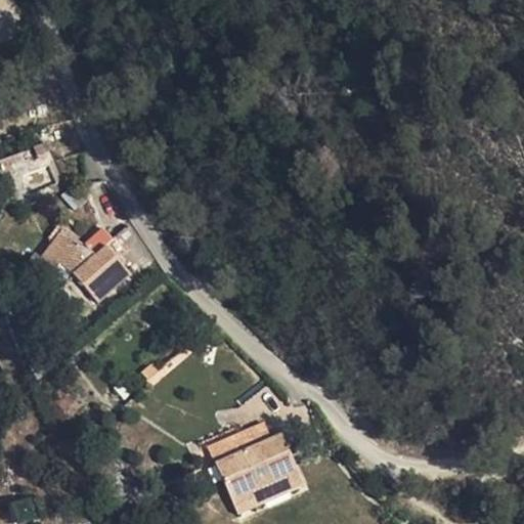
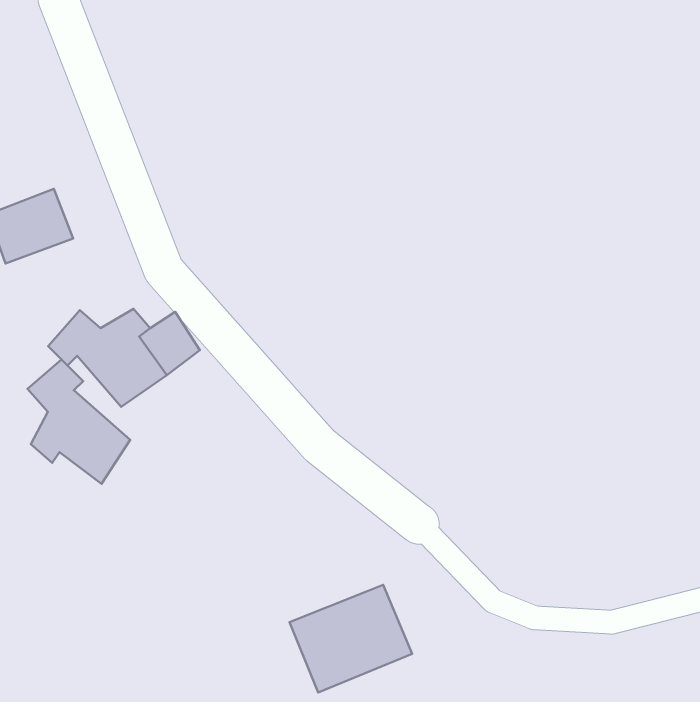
building: none -> [28,359,130,484]
building: [208,420,272,462] -> none

